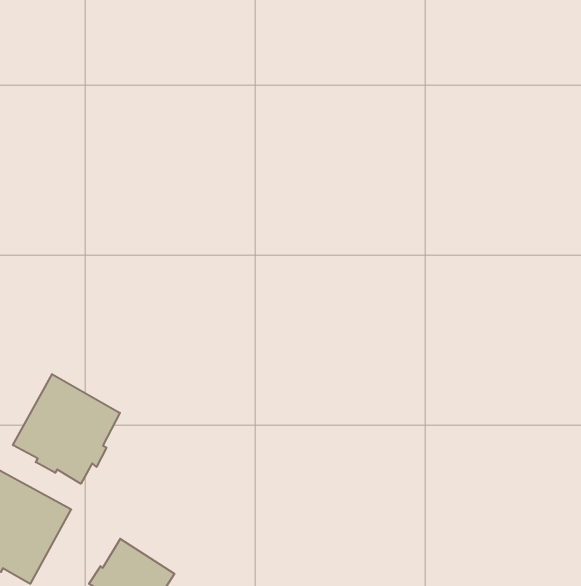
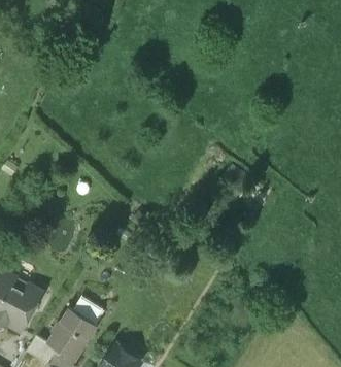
building: [13,374,120,484] -> none

